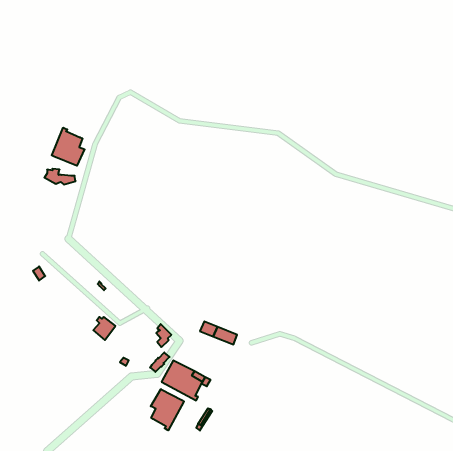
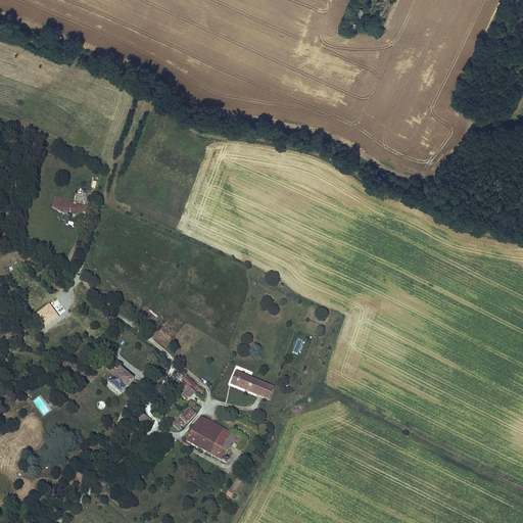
building: [52,128,85,166] -> none
building: [151,389,184,430] -> none

